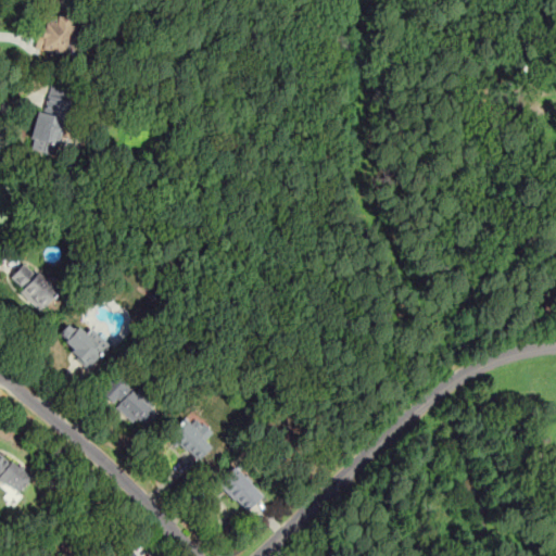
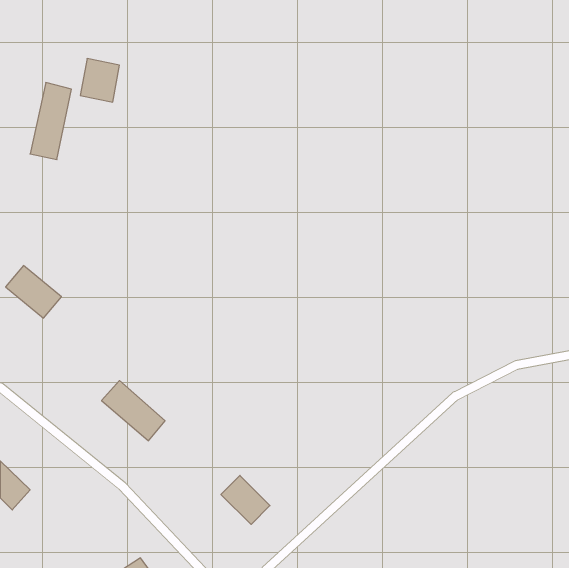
building: [35,13,73,55] -> [80,59,119,102]
building: [54,321,112,370] -> none
building: [174,417,214,465] -> none

